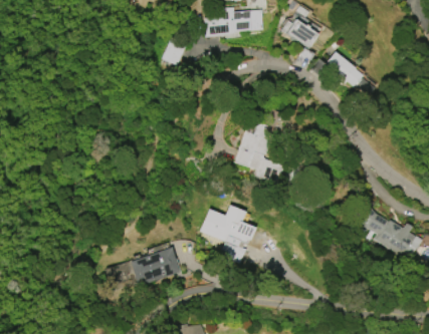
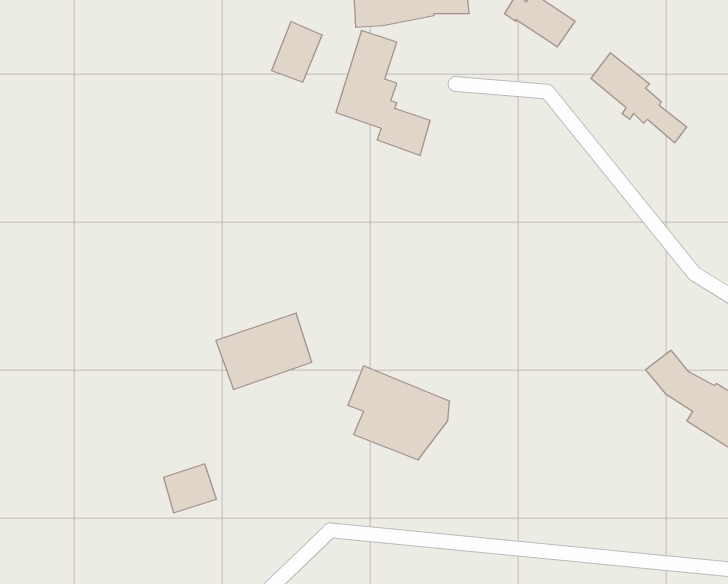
building: [236,119,284,184] -> [336,30,430,156]
building: [131,247,180,286] -> [216,313,312,390]

